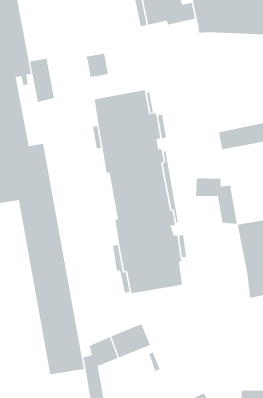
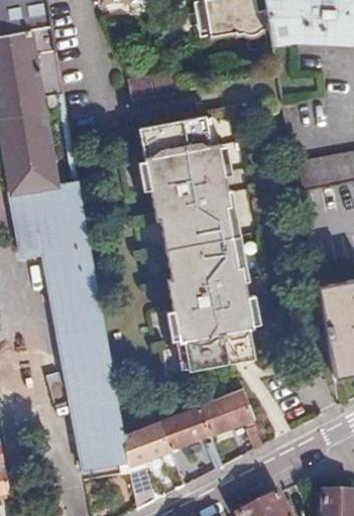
building: [29,58,55,103] -> none
building: [195,177,238,224] -> none
building: none -> [200,394,257,449]

